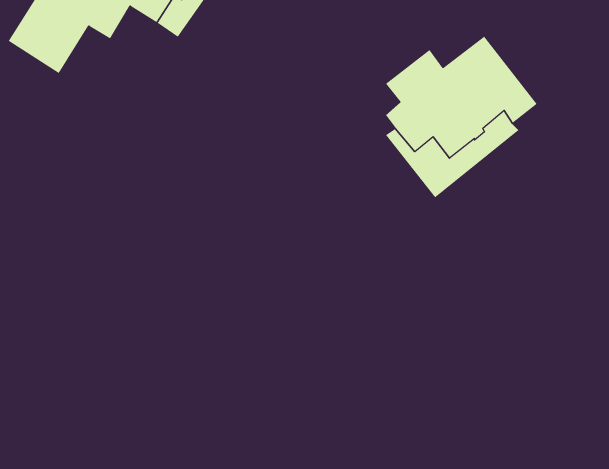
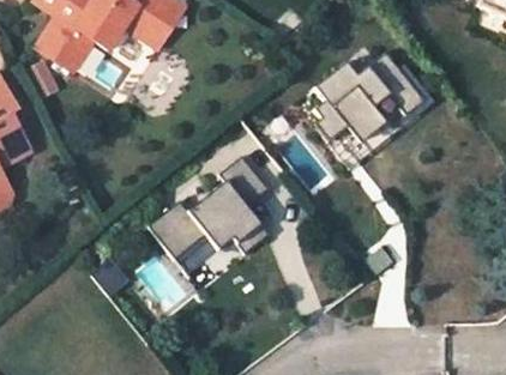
building: none -> [150,153,271,258]

